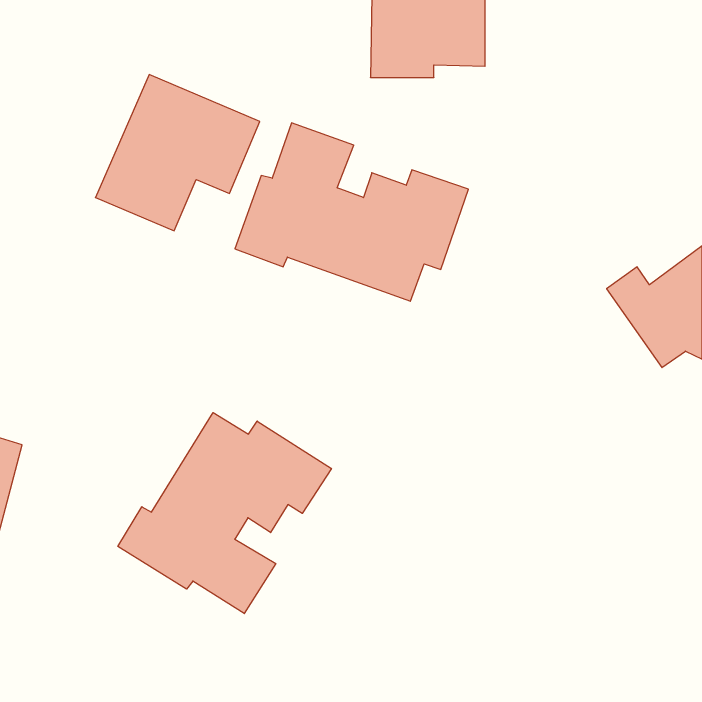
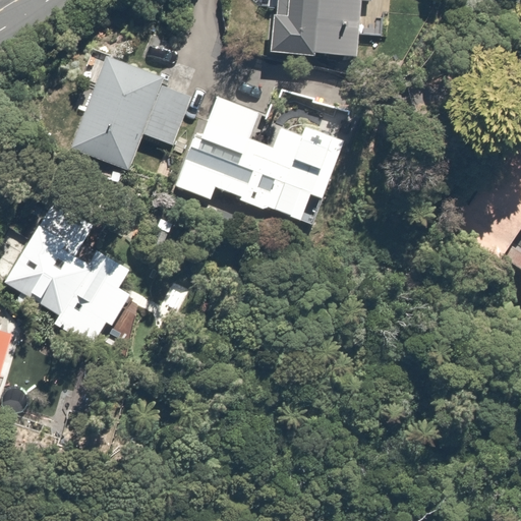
building: none -> [7,204,129,344]
building: [118,413,331,614] -> none

